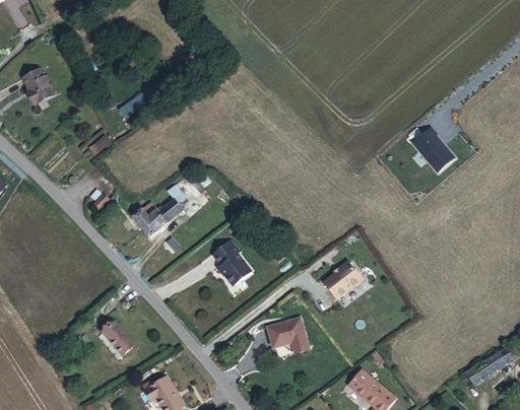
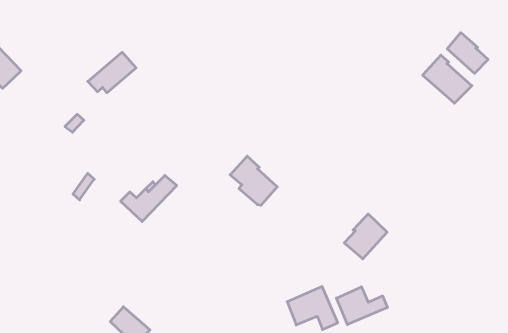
building: none -> [447,33,488,73]
building: [210,241,250,285] -> [230,156,277,205]
building: none -> [336,287,387,325]

